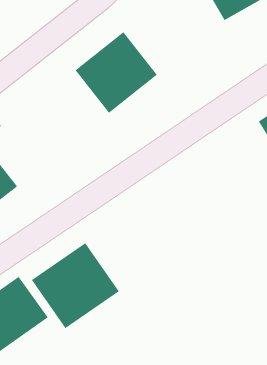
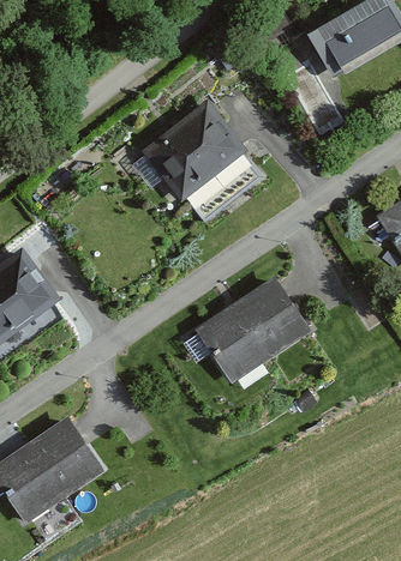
building: none -> [193,278,307,384]
building: [31,242,120,329] -> none

